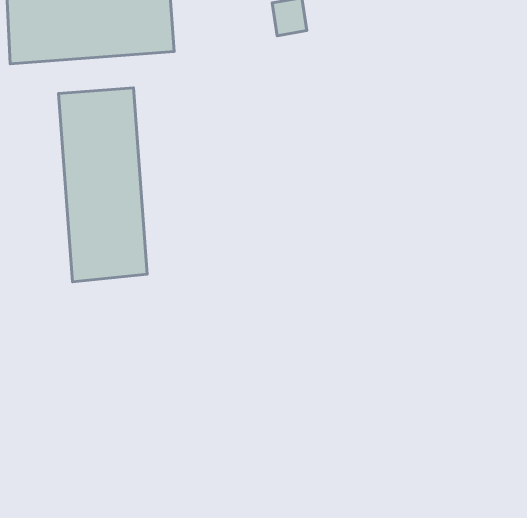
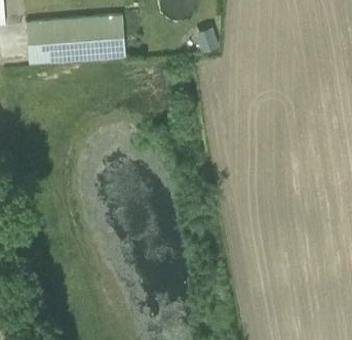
building: [58,88,147,282] -> none

